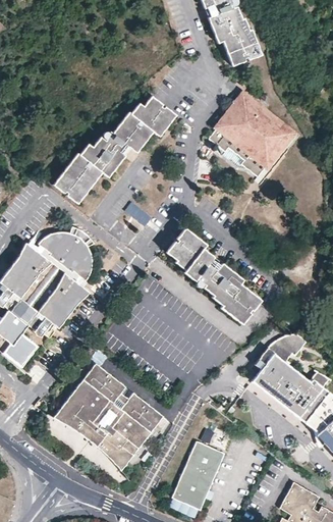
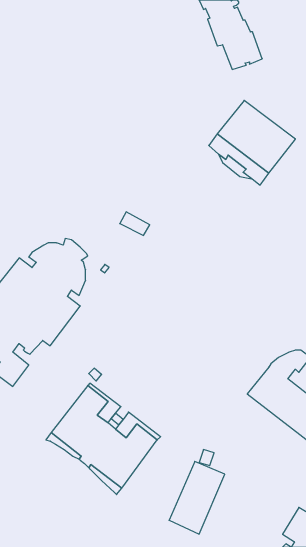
building: [54,97,175,204] -> none
building: [166,228,260,324] -> none

